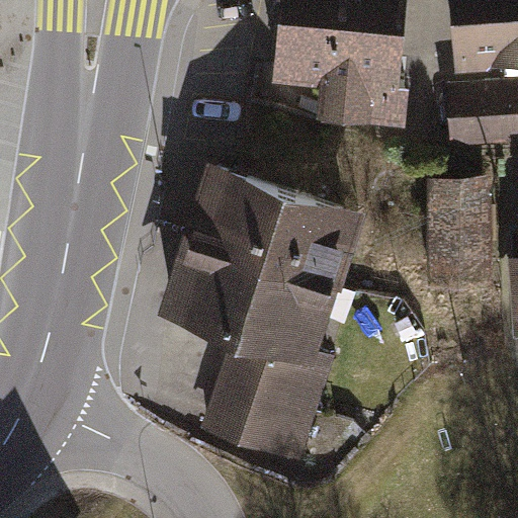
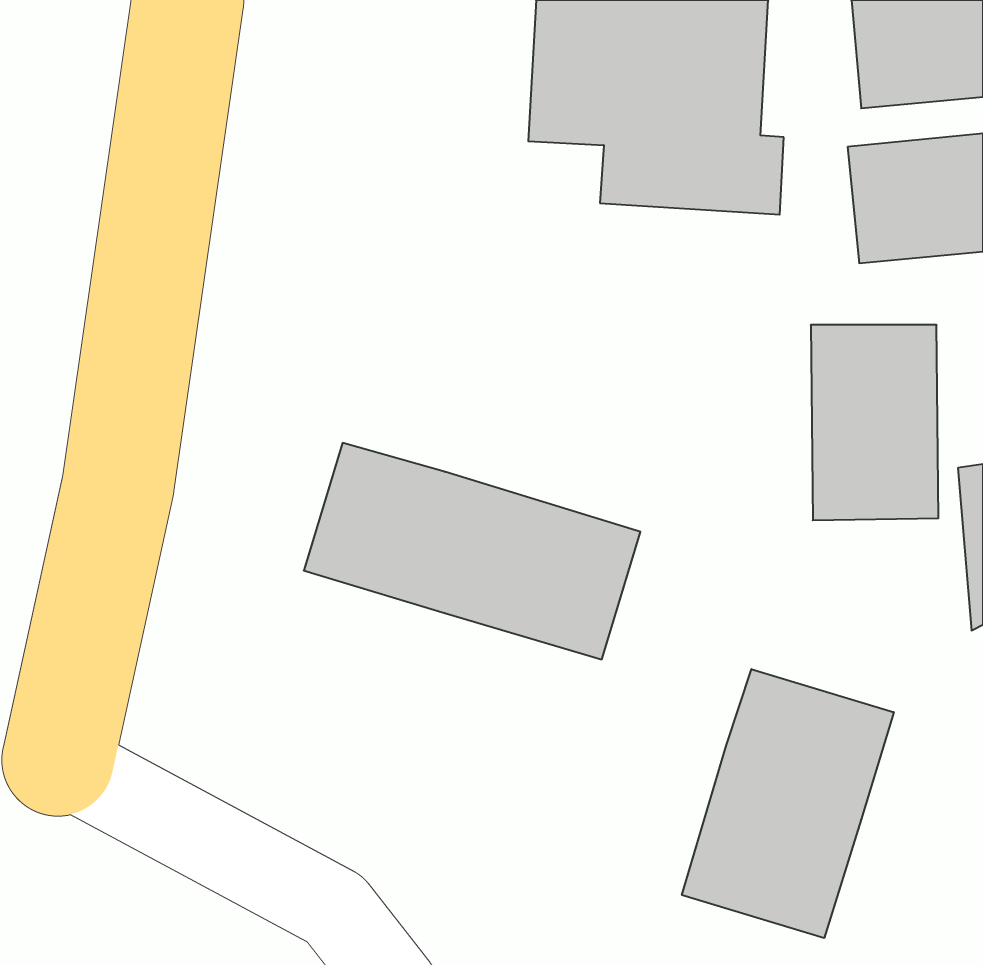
building: [179,162,360,290] -> none
building: [201,333,330,465] -> none
building: none -> [682,669,894,938]

